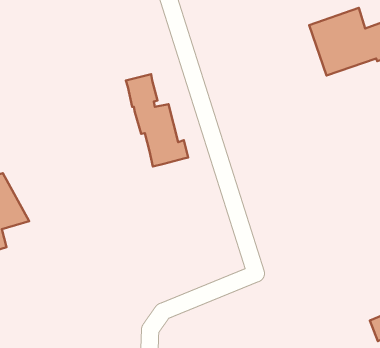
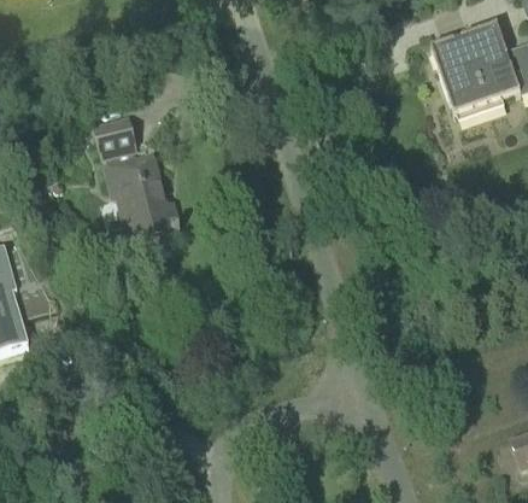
building: [126,74,188,166] -> [93,118,176,241]

